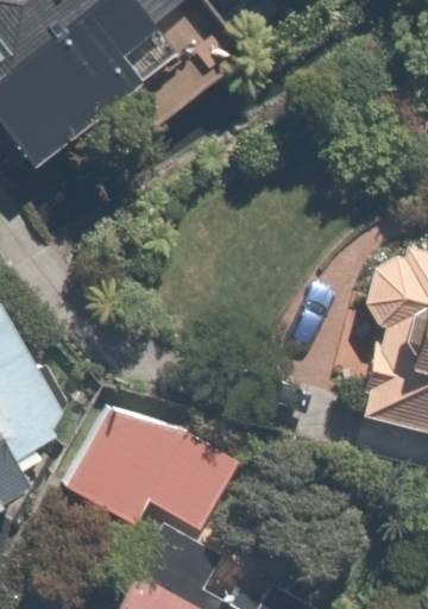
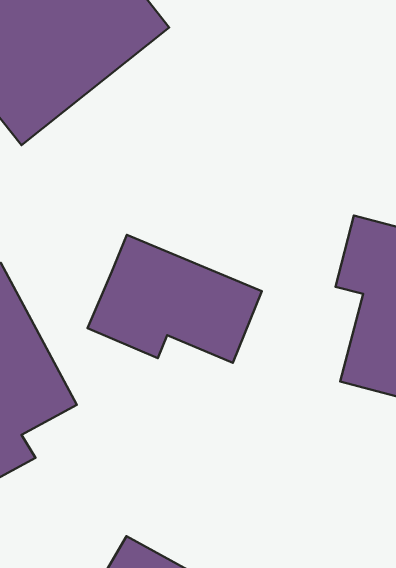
building: [64,398,244,530] -> [88,235,262,363]

